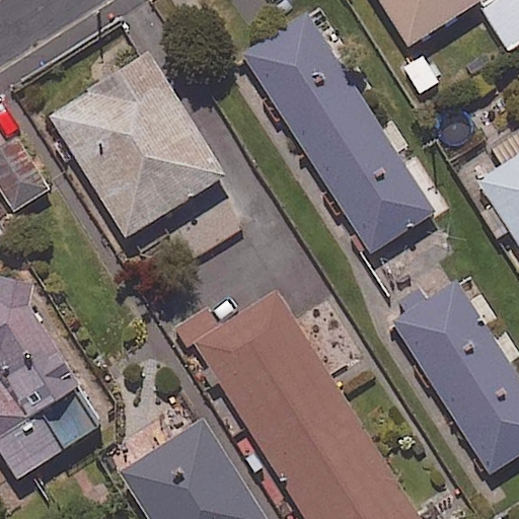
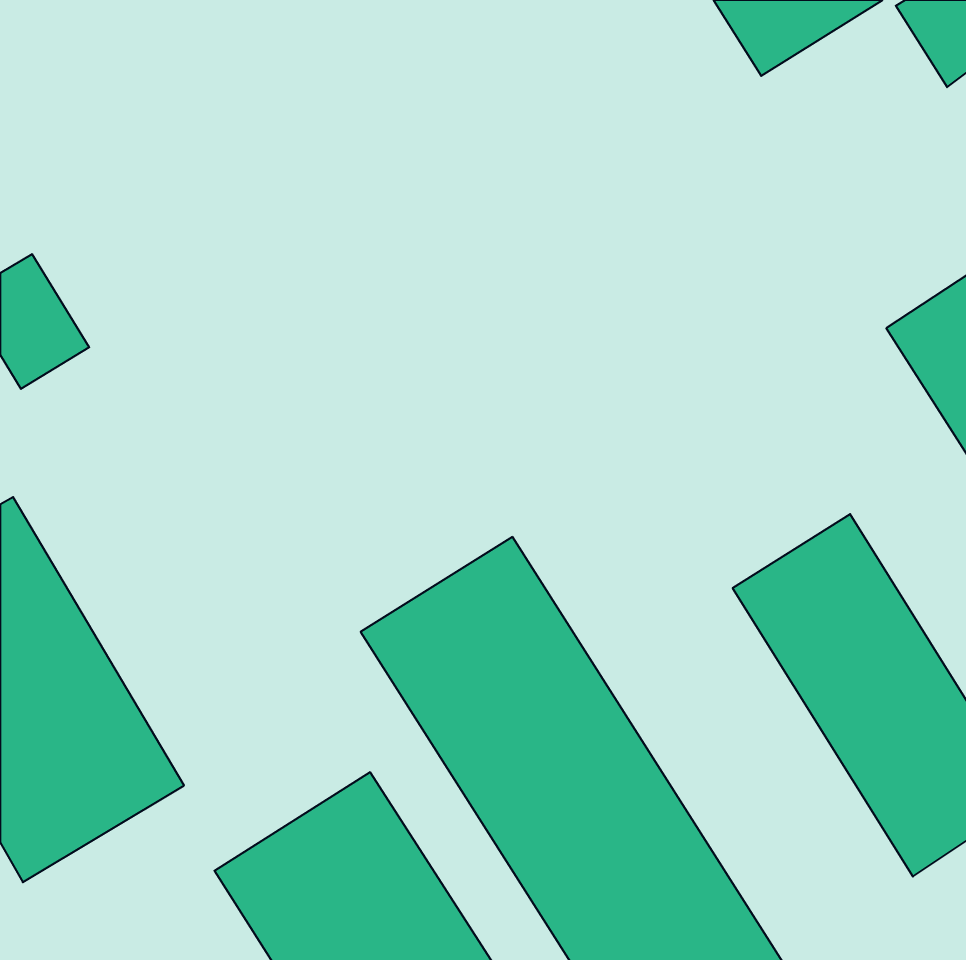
building: [243,14,435,252] -> none
building: [47,49,223,263] -> none

